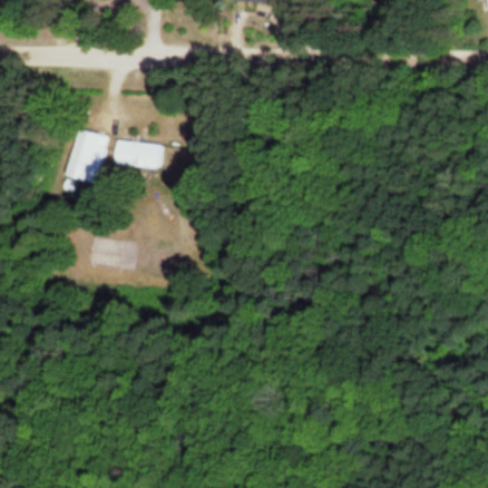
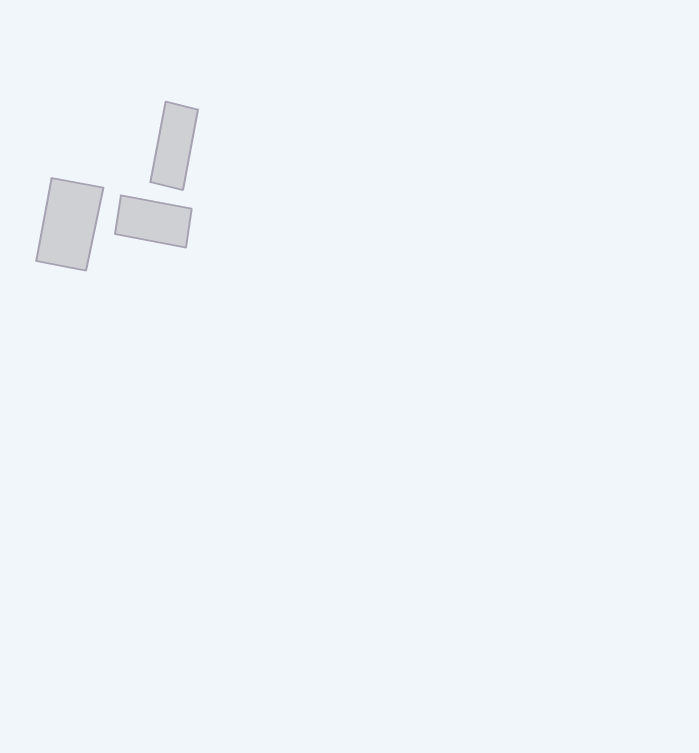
building: none -> [150,102,198,190]

